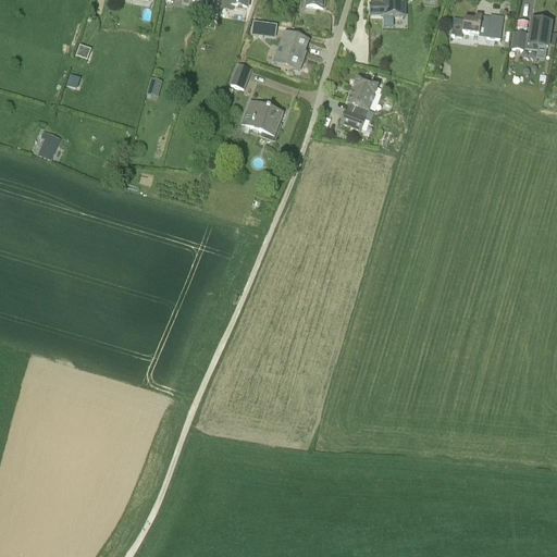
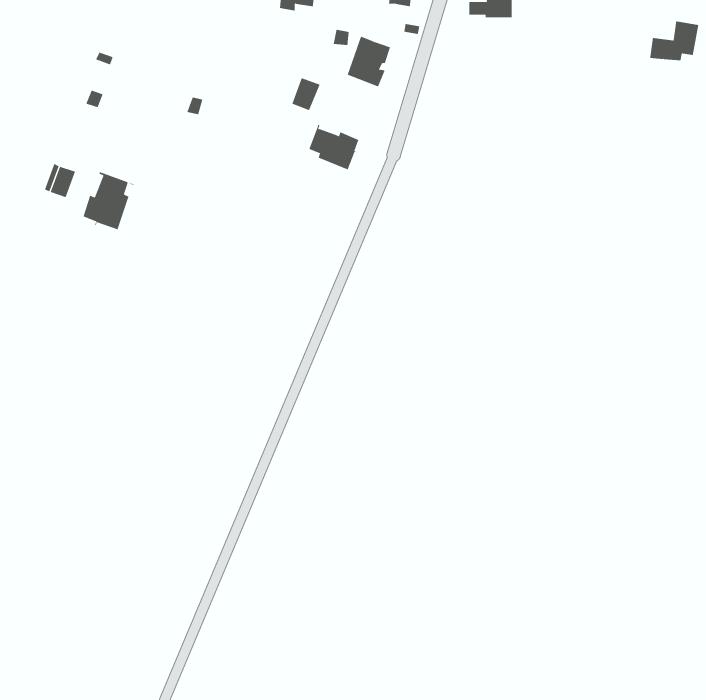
building: [451,12,504,37] -> none
building: [341,73,379,128] -> none
building: none -> [83,172,134,230]

